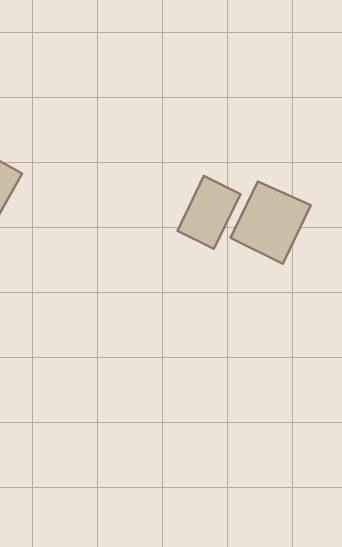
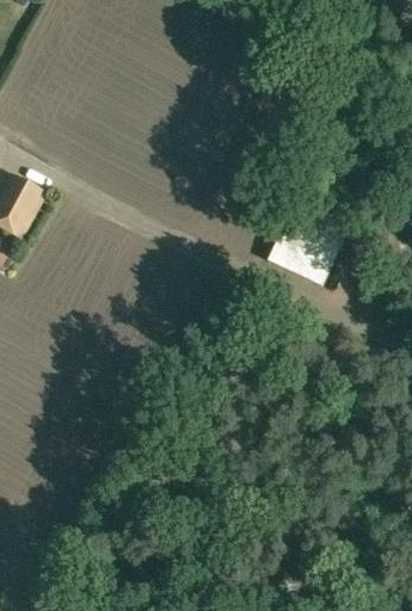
building: [177,176,240,249] -> none

